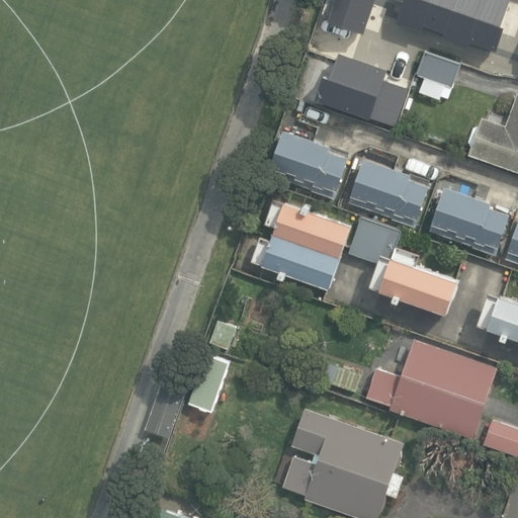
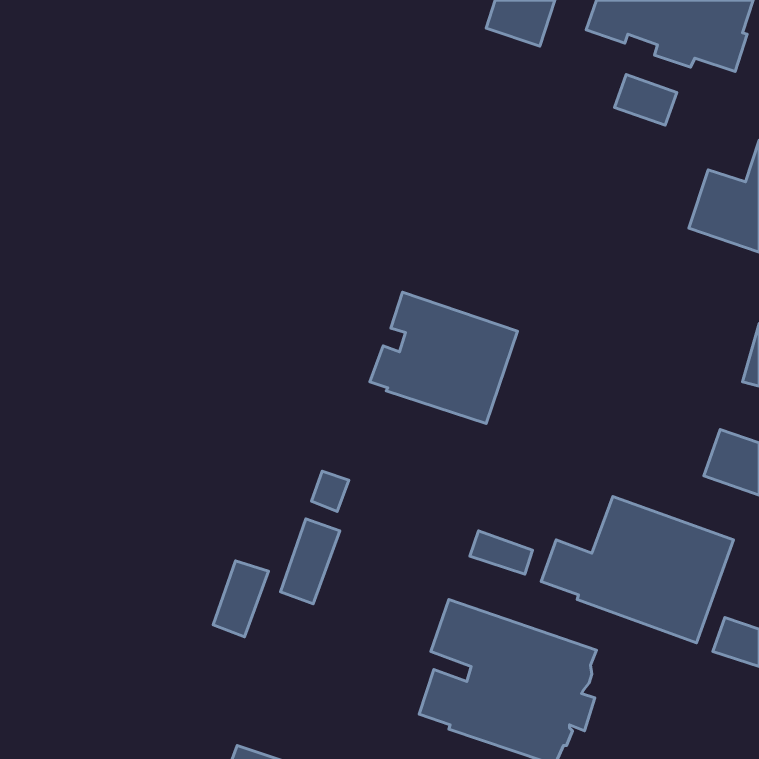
building: [317,53,409,126] -> none
building: [267,131,348,201] -> none
building: [347,158,429,228] -> none
building: [426,188,509,256] -> none
building: [348,219,459,315] -> none

